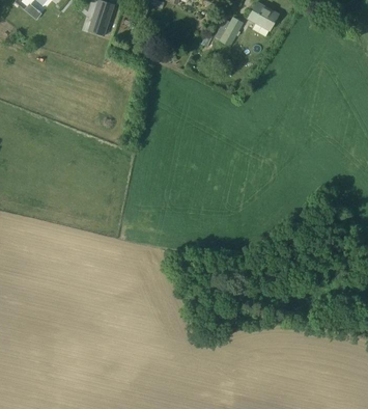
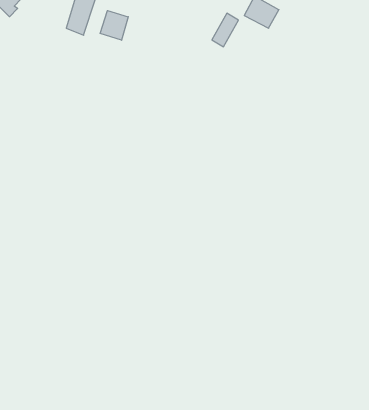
building: none -> [100,11,128,40]

